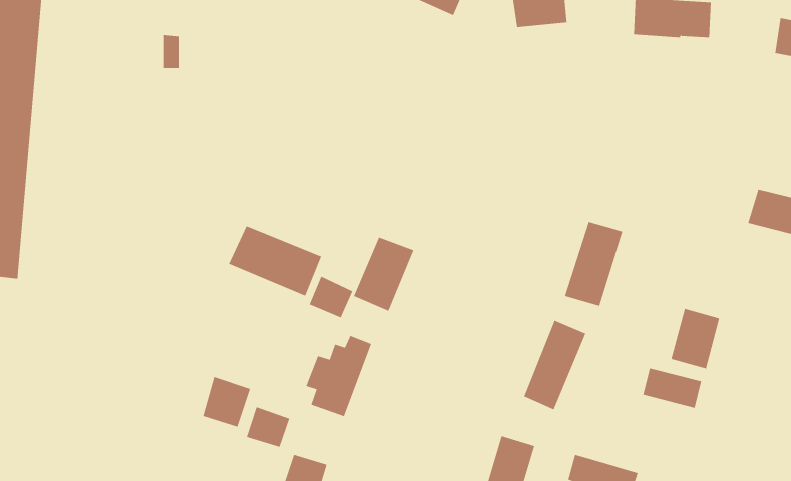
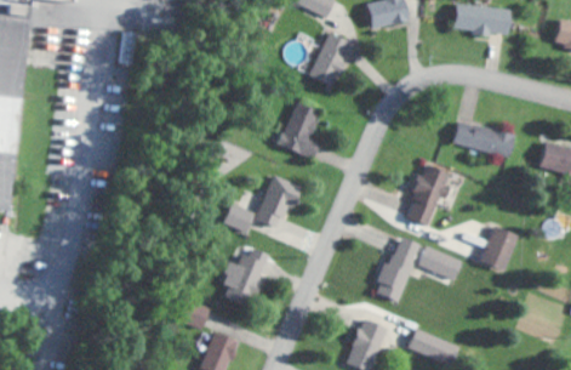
building: none -> [308,32,353,87]
building: none -> [279,102,320,159]
building: none -> [451,121,515,156]
building: [229,225,322,297] -> none
building: [643,368,702,408] -> [418,249,461,278]
building: [203,376,251,428] -> none

